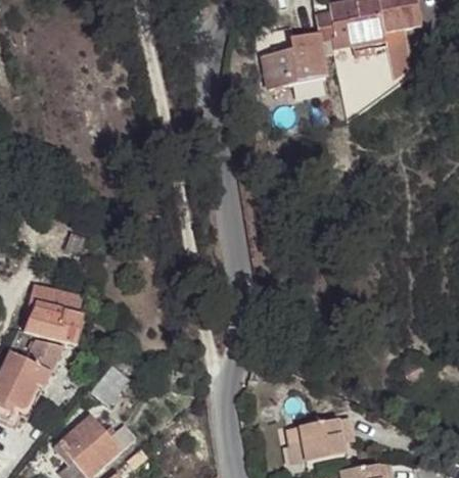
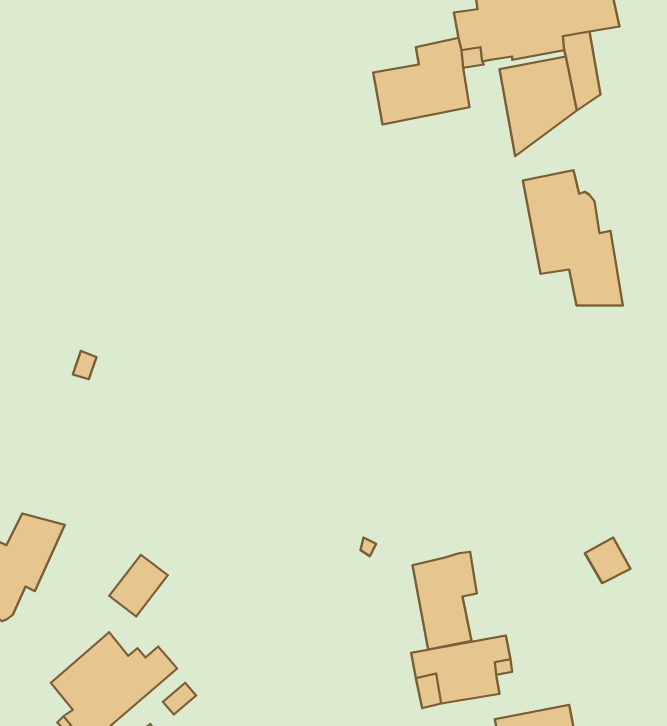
building: none -> [523,170,623,306]
building: [25,285,84,344] -> none
building: none -> [413,552,477,650]

